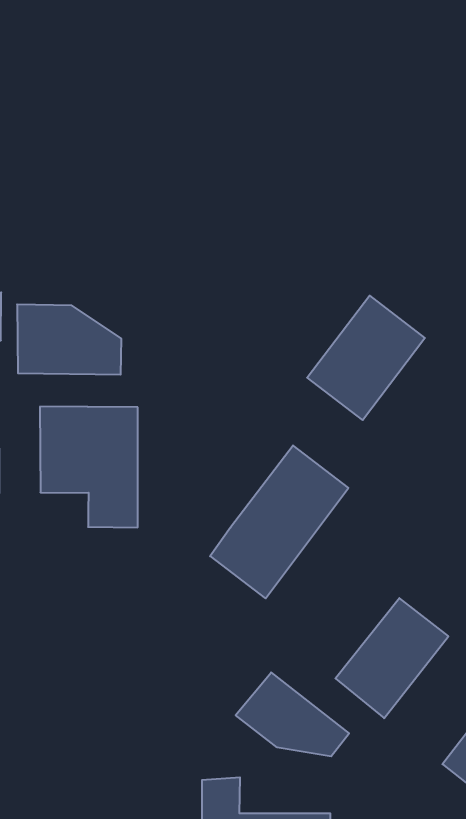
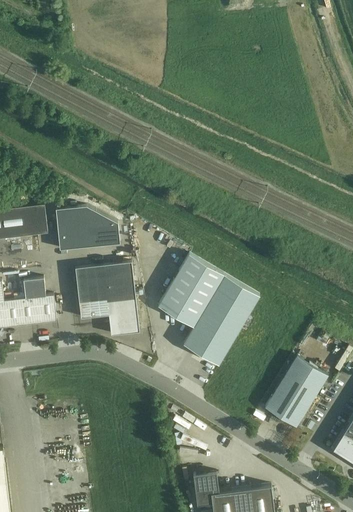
building: [307,296,425,420] -> [158,253,224,326]
building: [236,672,349,756] -> none

